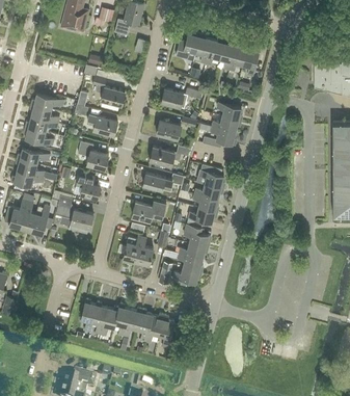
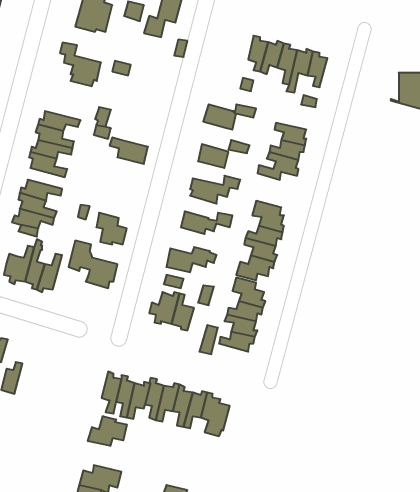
building: [176,33,200,60] -> none
building: [92,76,125,110] -> [60,43,101,86]
building: [78,141,109,168] -> none
building: none -> [88,416,127,446]

